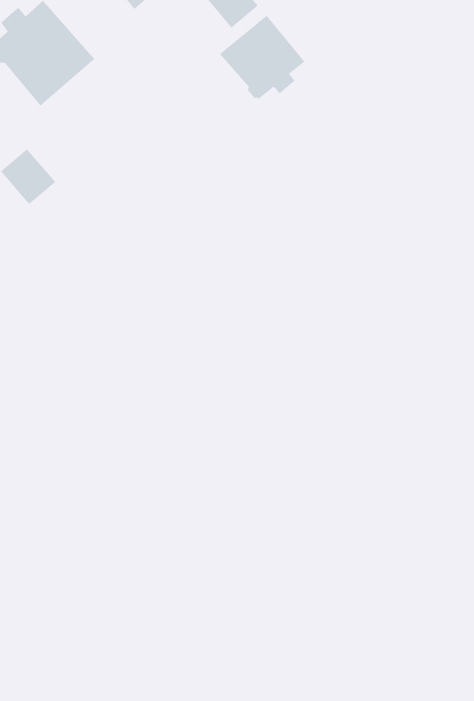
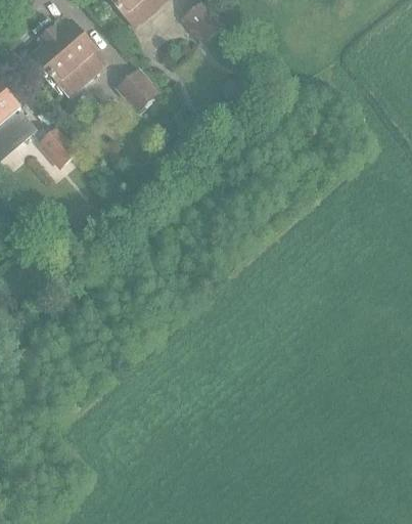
building: [219,15,305,100] -> none
building: none -> [118,70,157,111]

